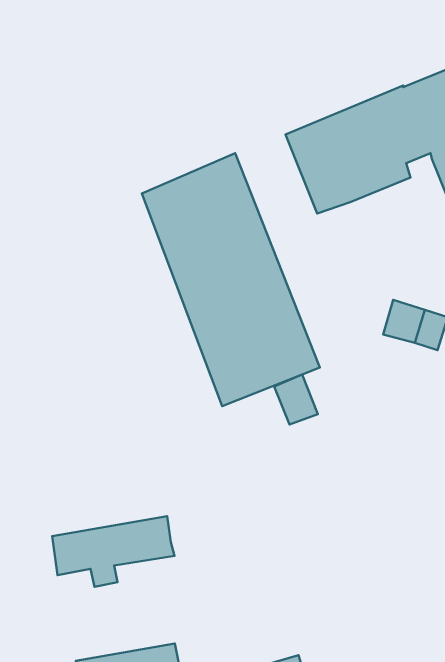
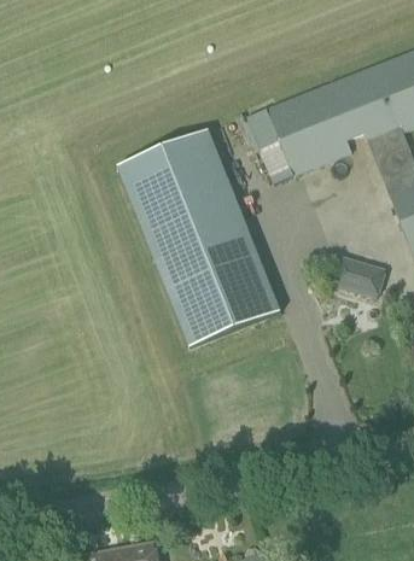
building: [274,374,318,425] -> none
building: [52,516,175,587] -> none

